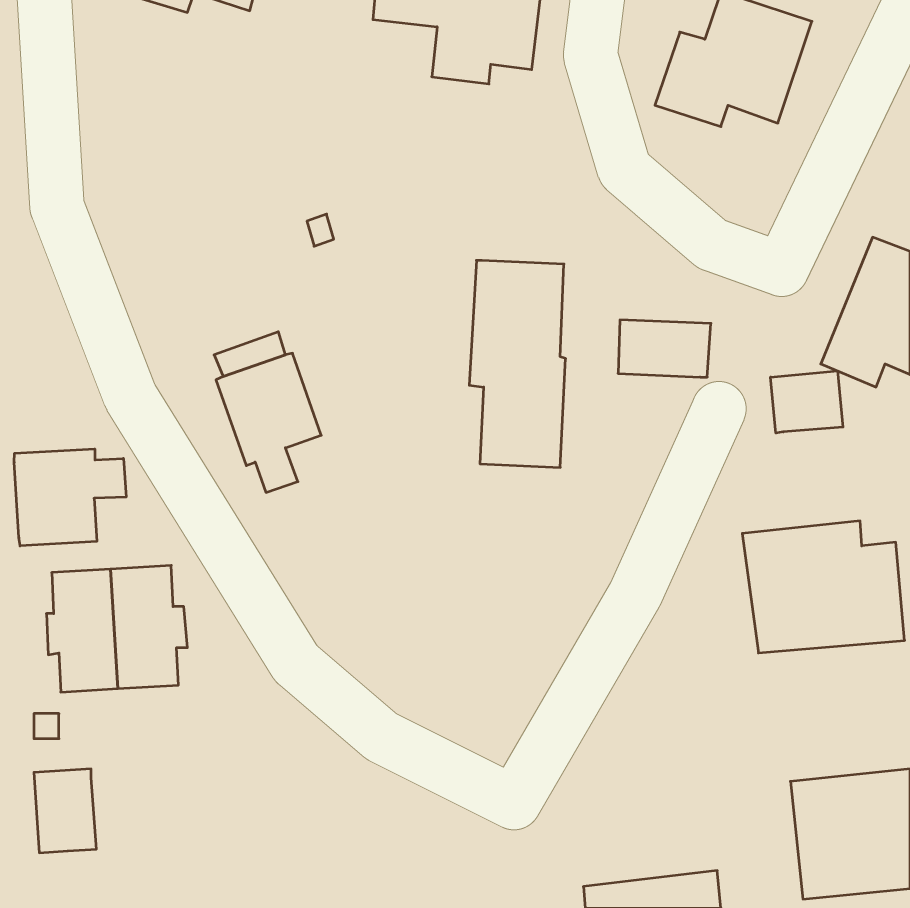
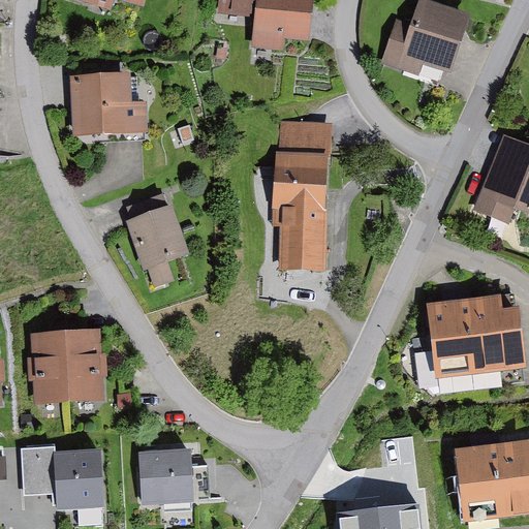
building: none -> [70,72,147,133]
building: [618,320,711,377] -> [279,120,333,153]
building: [771,371,843,433] -> none
building: [14,449,126,546] -> none
building: none -> [137,447,208,503]
building: none -> [53,448,104,505]

